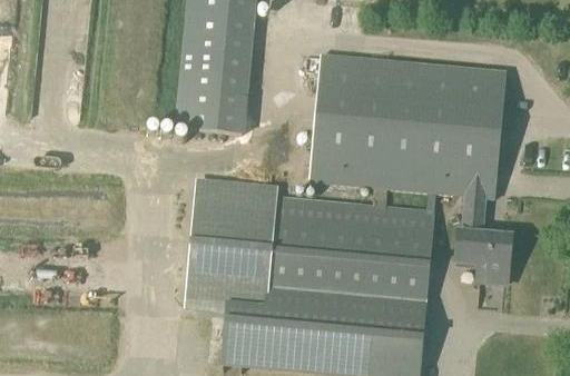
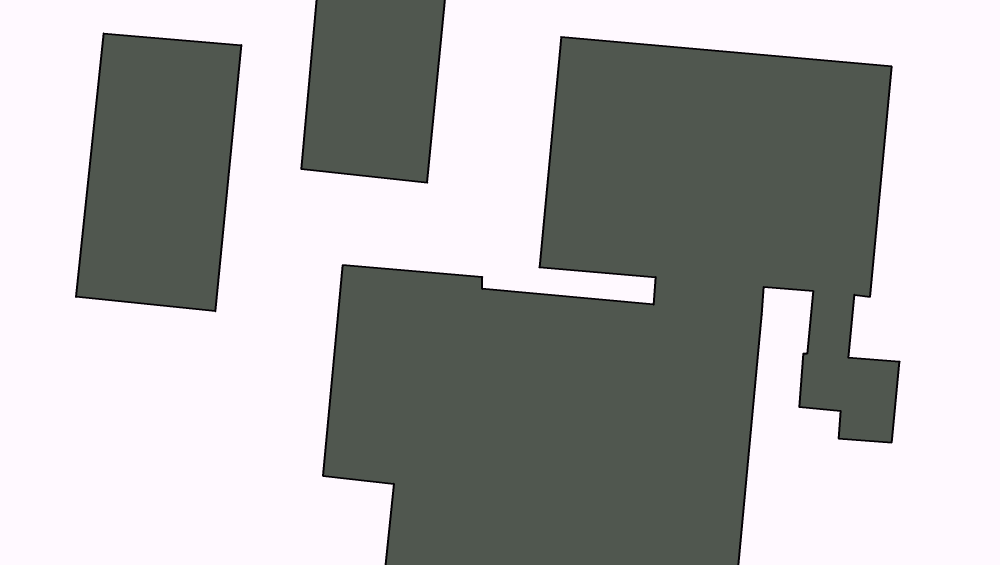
building: none -> [76,33,241,311]

